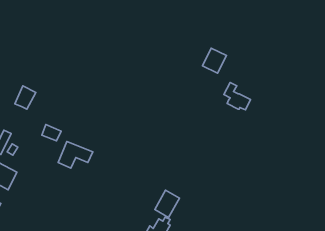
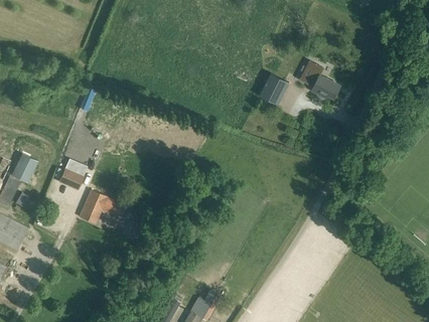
building: [224,83,250,110] -> [308,64,341,99]
building: [15,86,36,109] -> [12,154,38,183]
building: [155,190,179,218] -> none

